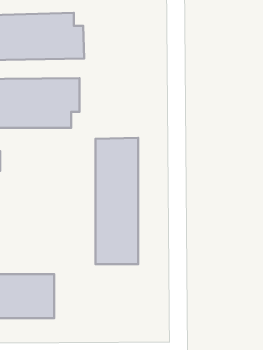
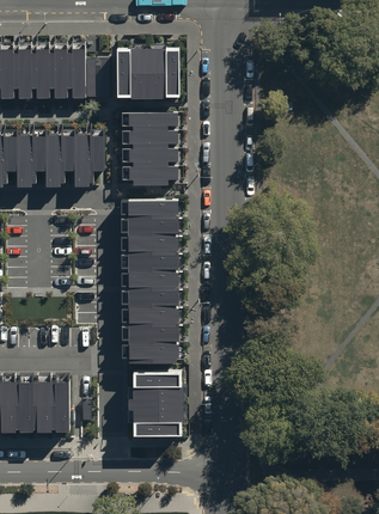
building: none -> [120,48,177,98]
building: none -> [121,111,177,184]
building: none -> [132,373,181,436]

